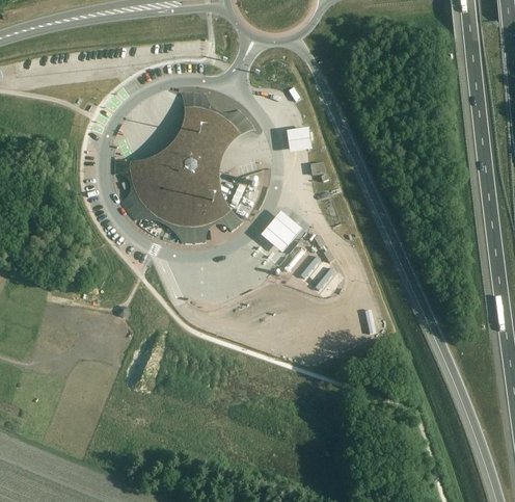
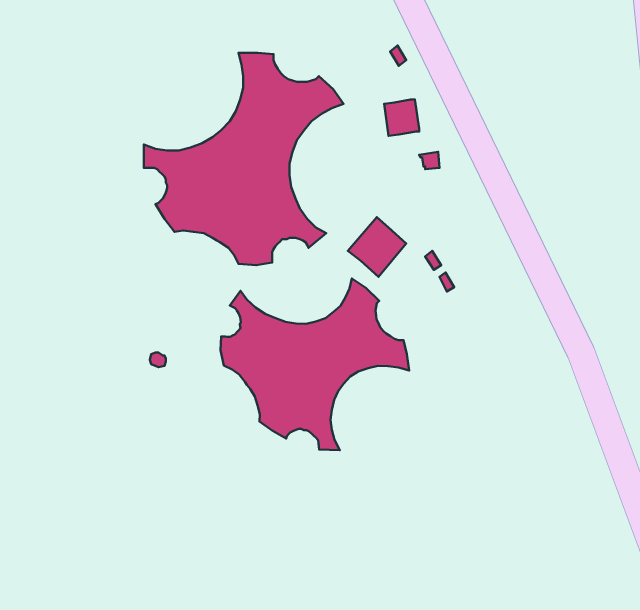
building: none -> [221,279,409,450]

